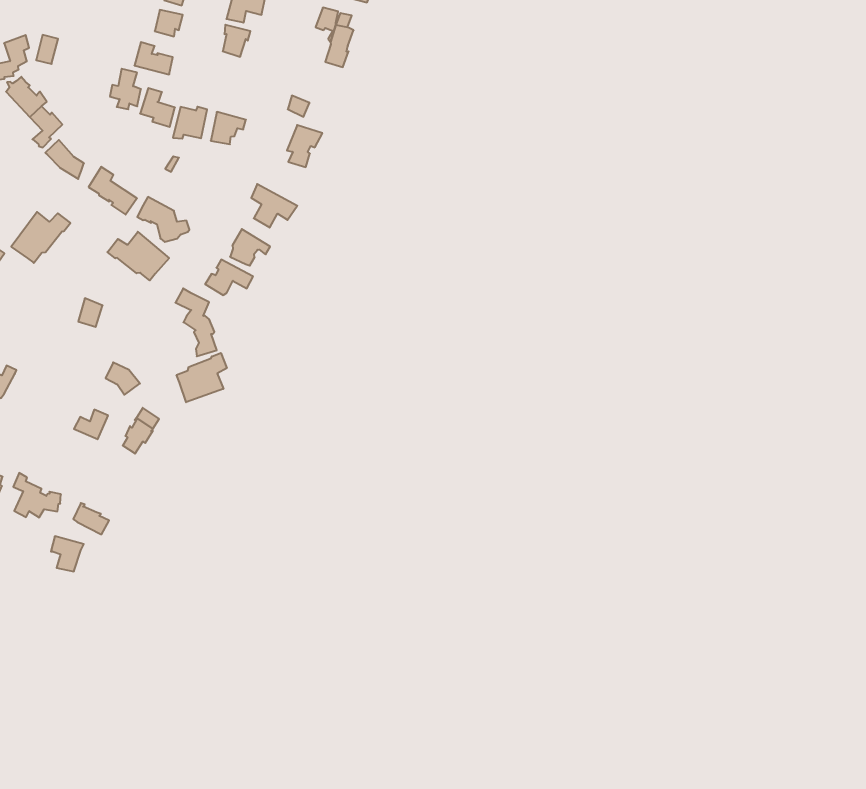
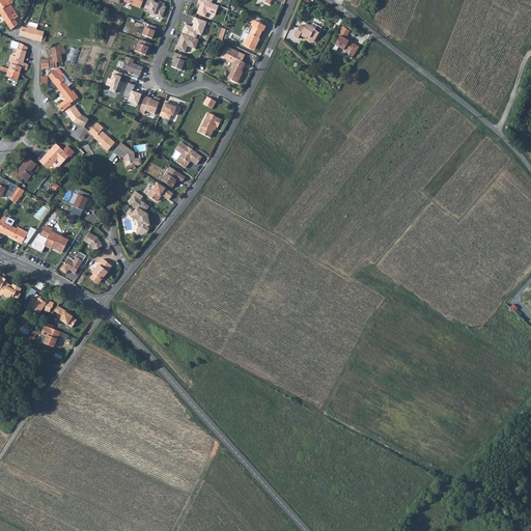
building: [107,232,169,280] -> none
building: [177,353,227,402] -> none
building: none -> [30,225,68,252]

